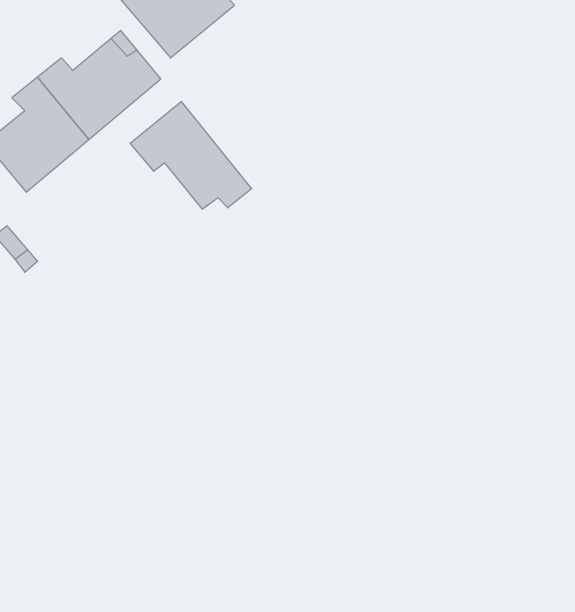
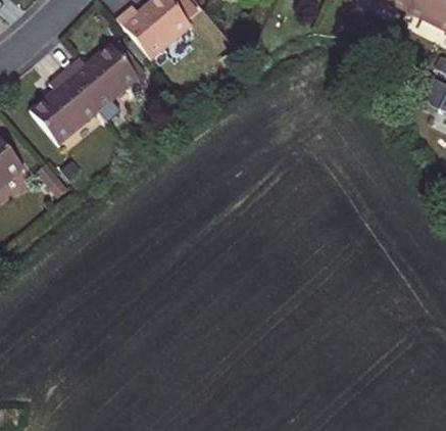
building: [130,101,252,209] -> none

